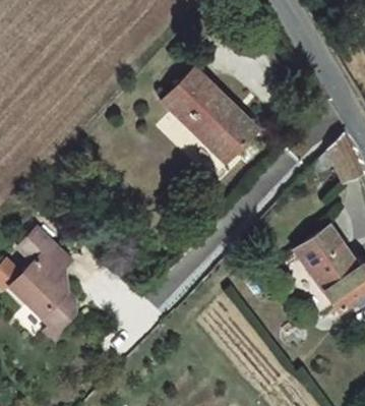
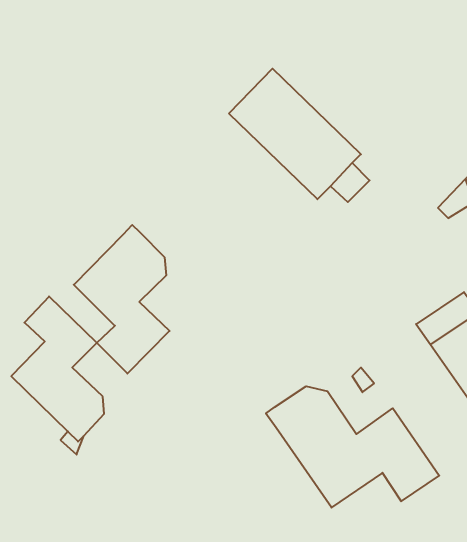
building: none -> [74,225,170,374]
building: none -> [266,386,439,508]

